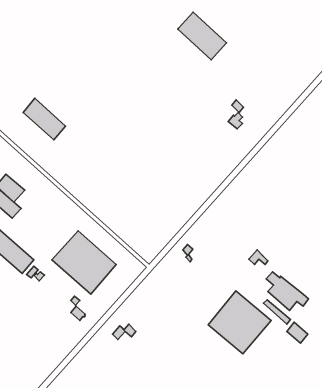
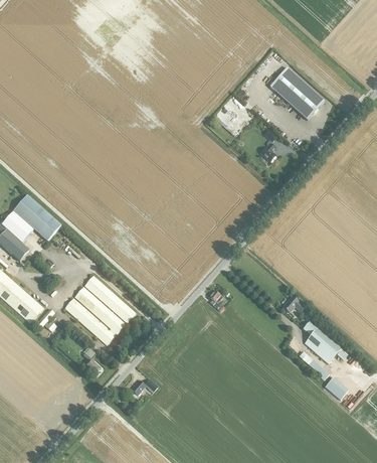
building: [178,12,226,60] -> [269,66,324,120]
building: [23,98,66,140] -> [13,194,60,241]
building: [208,291,271,354] -> none

